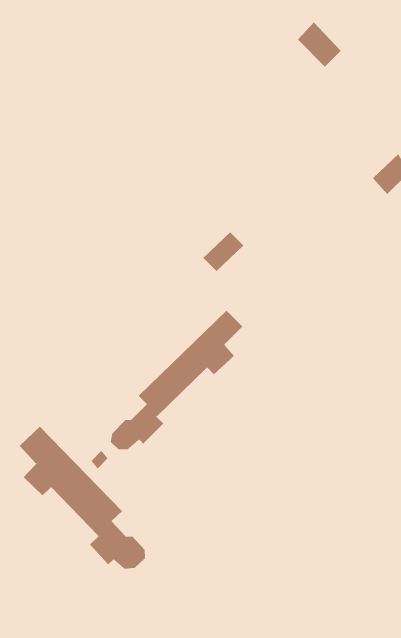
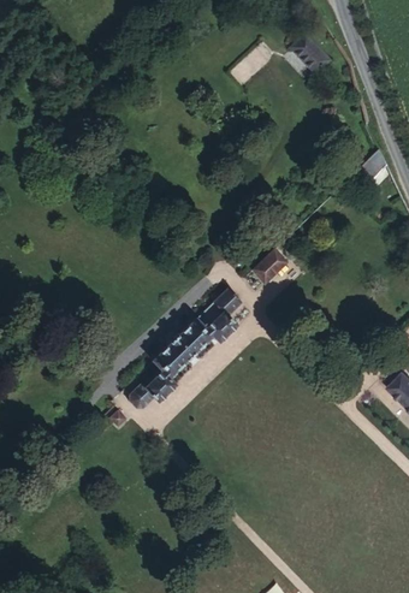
building: [203,231,244,272] -> [251,248,288,283]
building: [19,426,145,570] -> none

